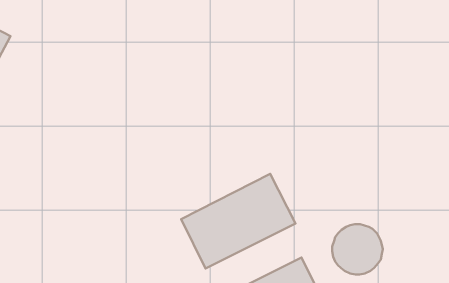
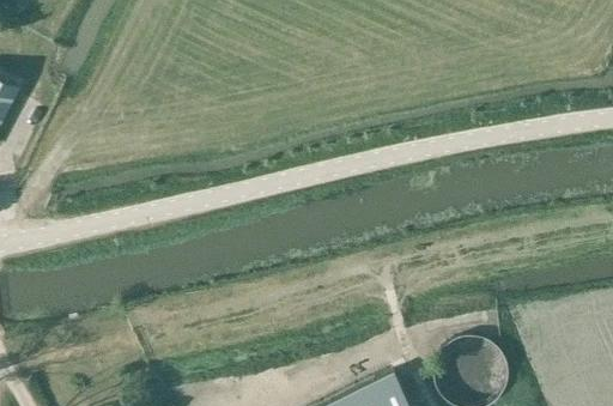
building: [181,174,296,268] -> none

